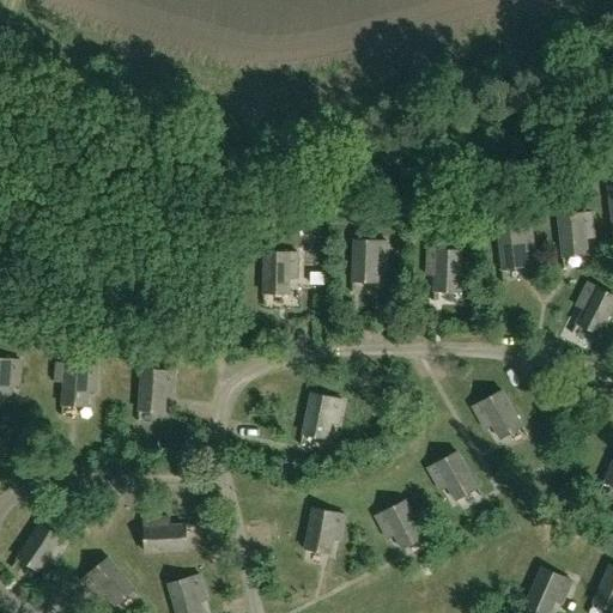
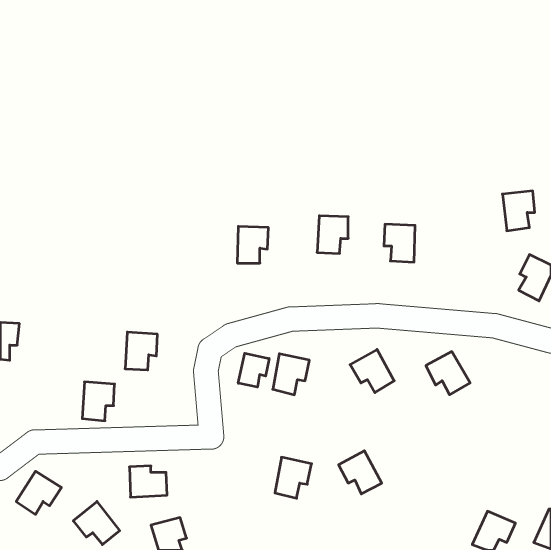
building: [497,224,534,268] -> none
building: [62,363,98,406] -> [82,382,115,421]
building: none -> [238,353,269,387]
building: [427,451,477,499] -> [350,349,394,393]

